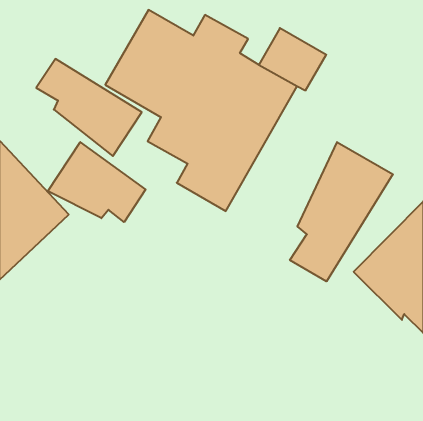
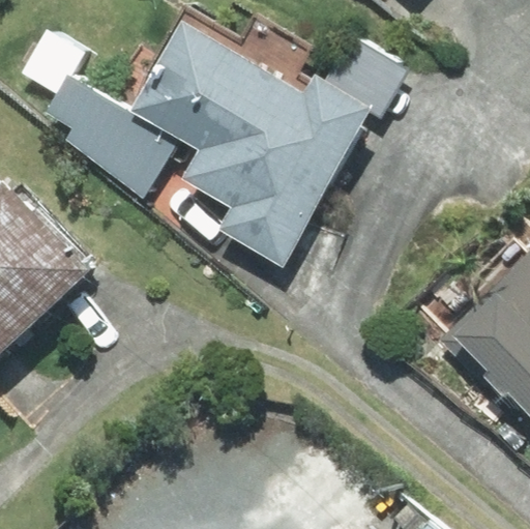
building: [290,142,393,281] -> none
building: [48,142,146,222] -> none

